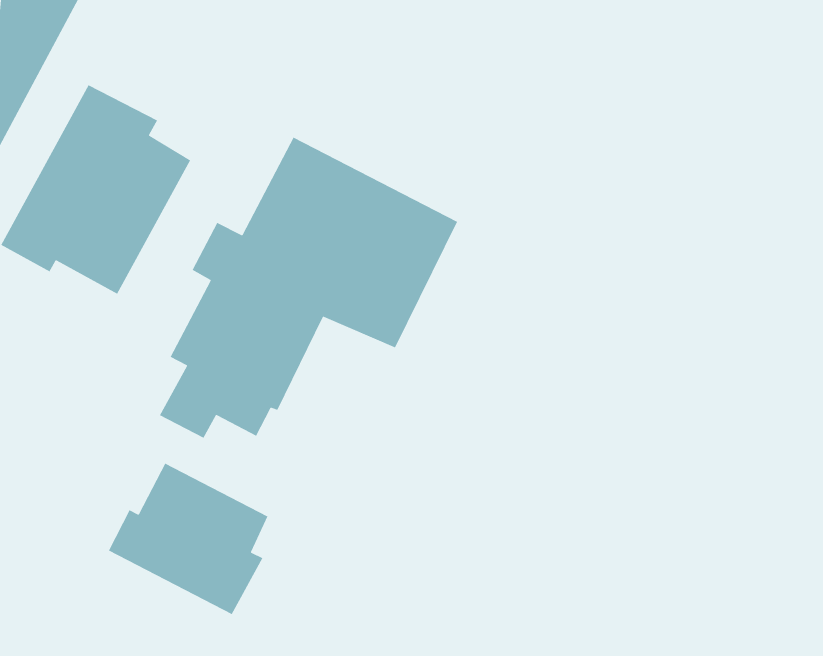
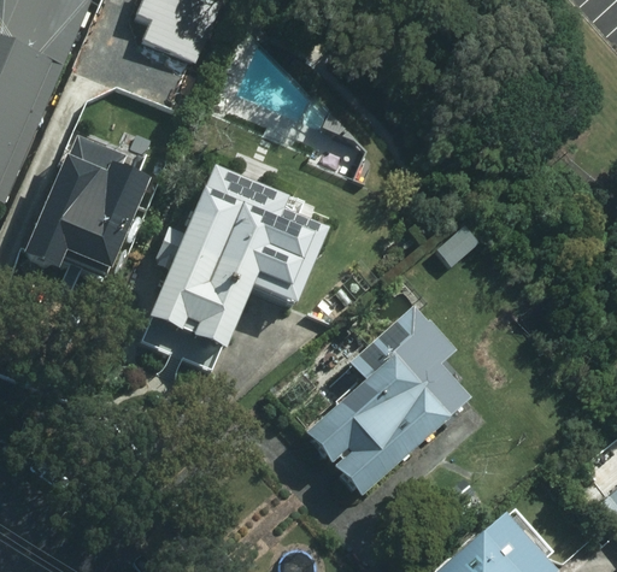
building: none -> [305,305,470,495]
building: [108,462,269,615] -> none

